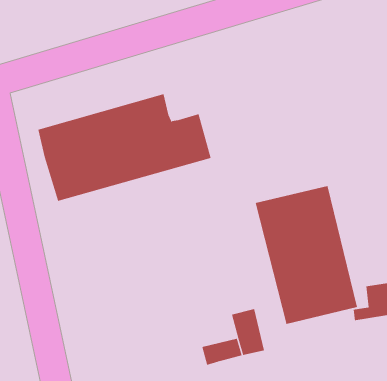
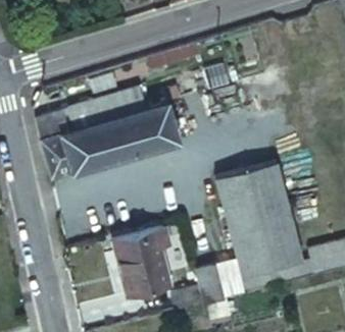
building: none -> [117,233,170,297]

